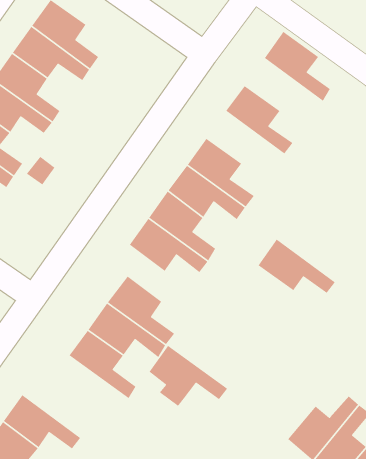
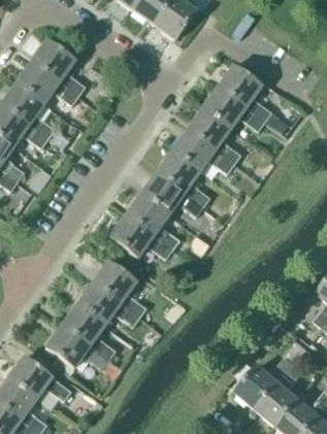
building: none -> [202,87,265,131]
building: [257,238,336,294] -> [171,129,234,173]
building: [148,345,228,407] -> [45,325,109,374]

